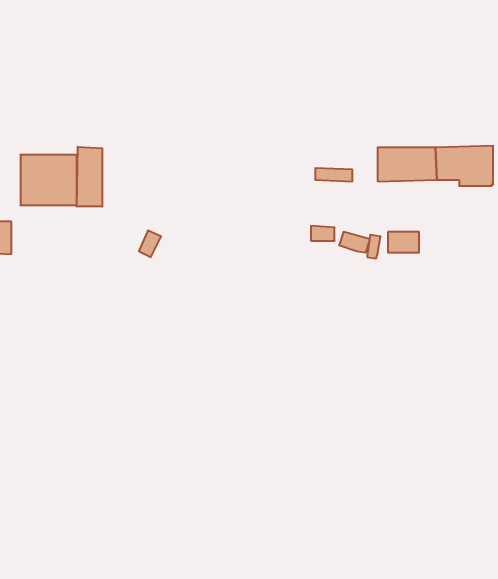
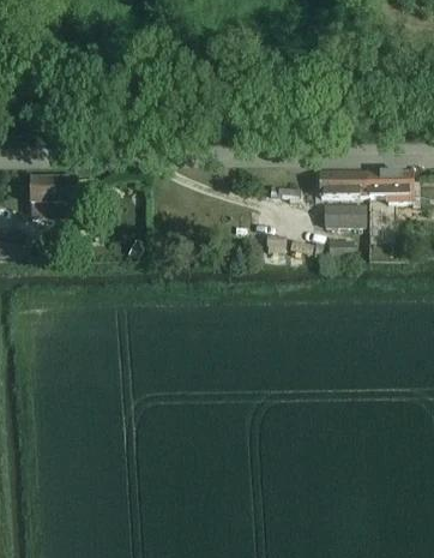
building: [77,147,102,207] -> none
building: none -> [324,204,366,228]

